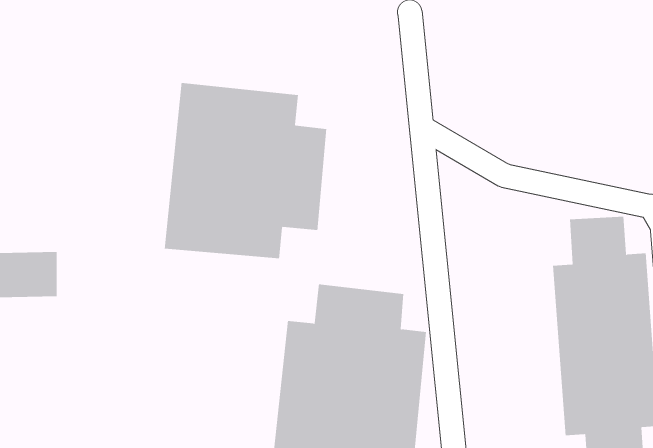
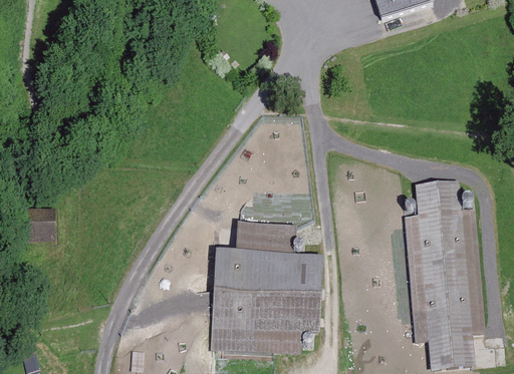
building: [164,82,327,259] -> none

